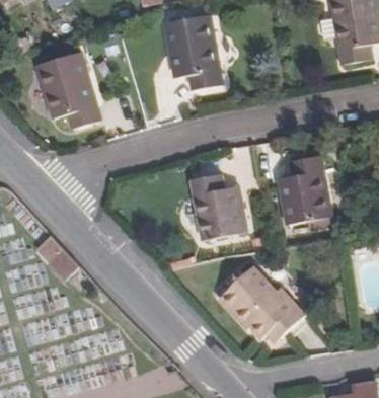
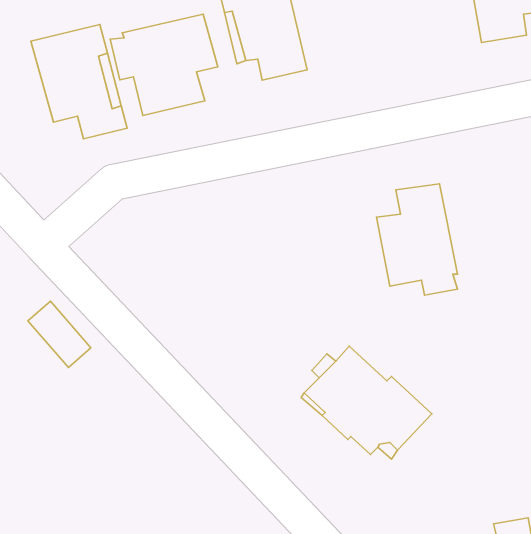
building: none -> [110,14,218,115]
building: [182,176,240,241] -> none

